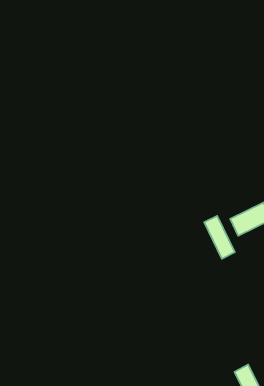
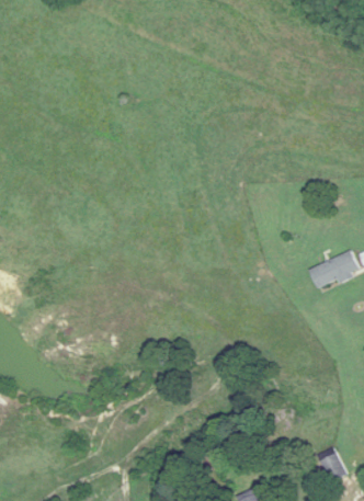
building: [204,216,235,259] -> none

